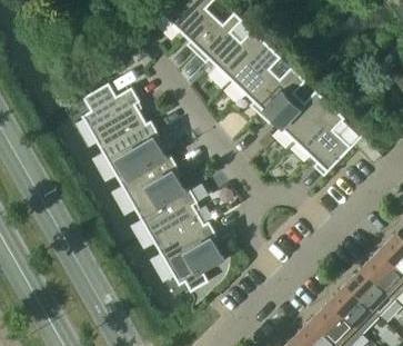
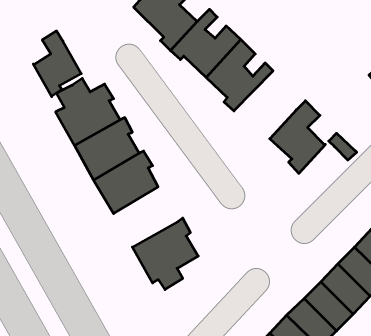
building: none -> [33,31,81,97]
building: [260,76,331,144] -> none
building: [140,189,204,251] -> none

